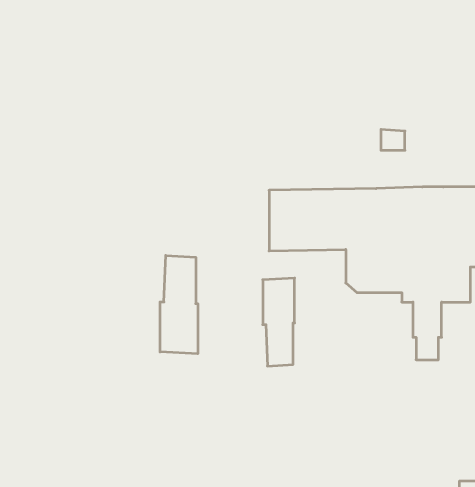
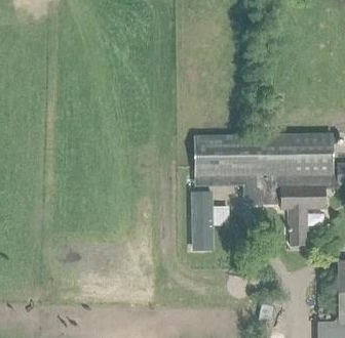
building: [160,255,198,354] -> none

